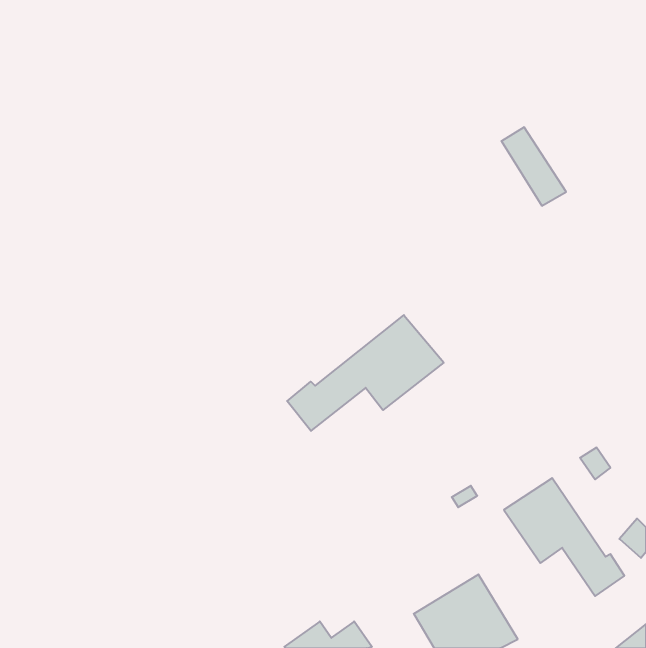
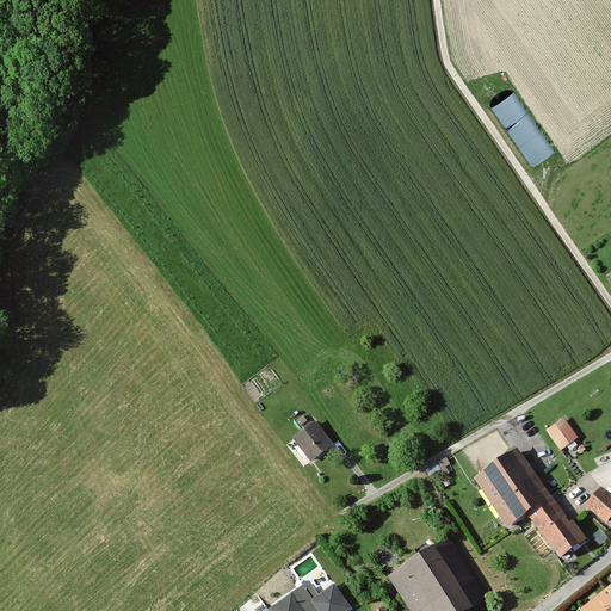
building: [501,127,566,206] -> [492,88,553,162]
building: [287,315,444,431] -> none
building: none -> [292,422,332,463]

